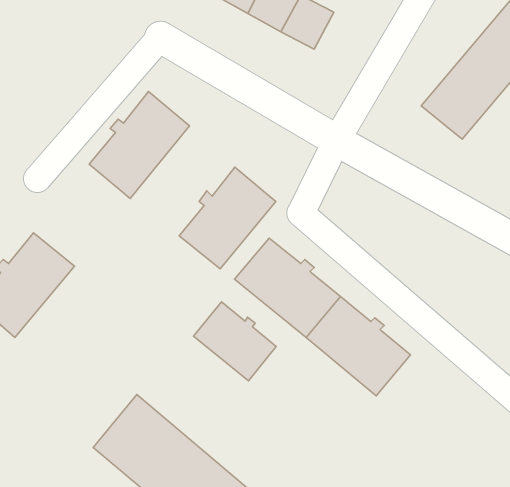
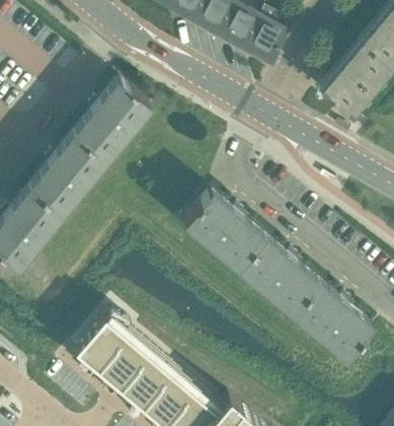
building: none -> [241,18,283,61]
building: [179,167,276,269] -> [26,135,100,213]
building: [194,302,276,381] -> none
building: none -> [289,281,369,357]

